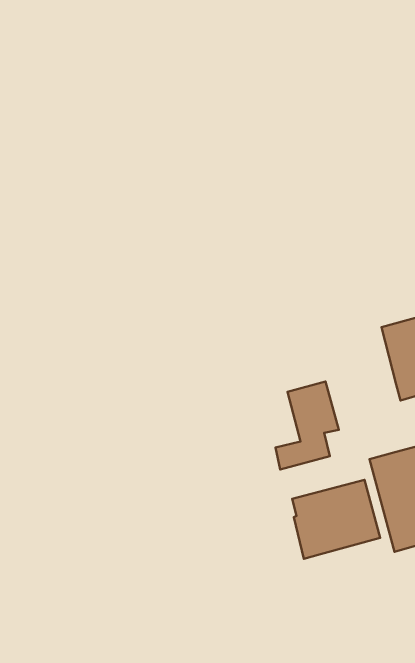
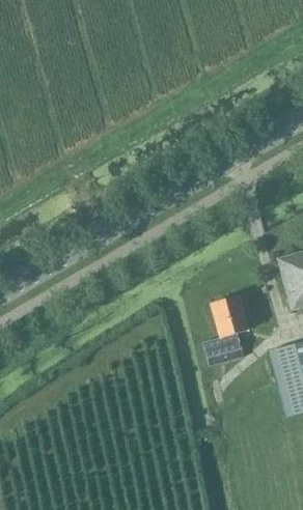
building: [292,480,380,559] -> none

